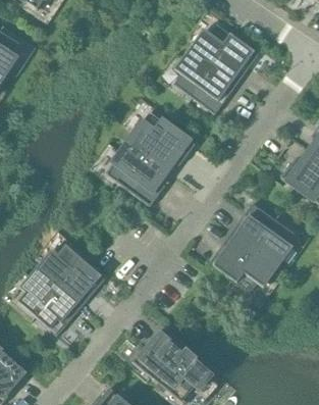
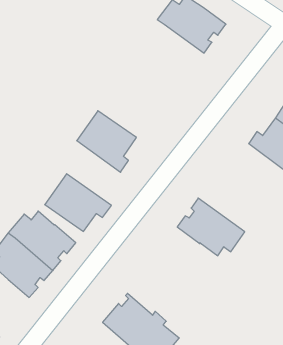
building: [174,48,236,112] -> none
building: [127,110,196,169] -> [45,174,111,231]
building: [230,201,294,266] -> none

